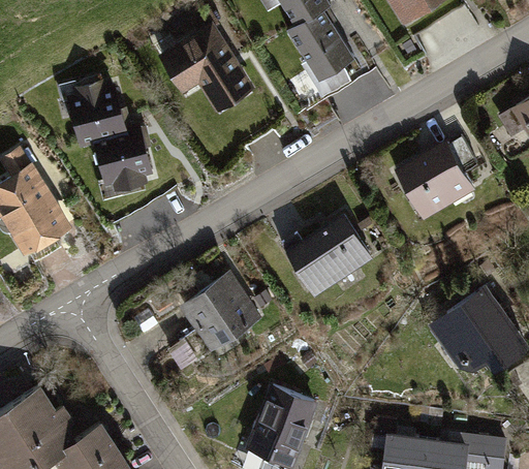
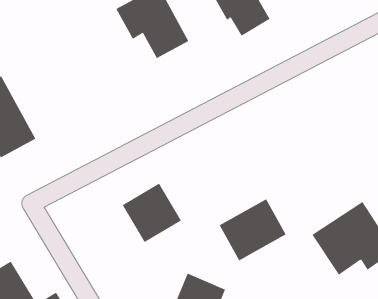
building: [67,82,151,192] -> none
building: [398,142,477,220] -> none
building: [288,215,375,296] -> [219,198,286,261]

